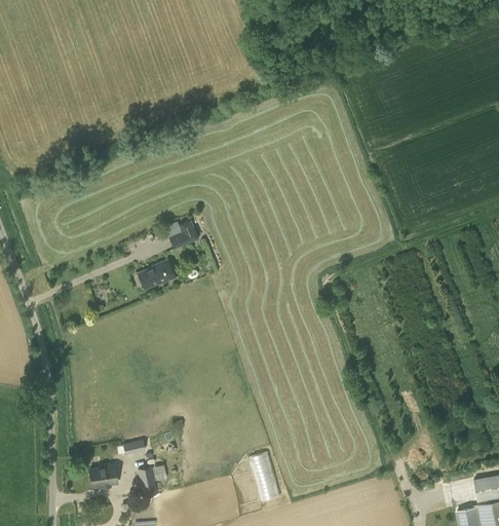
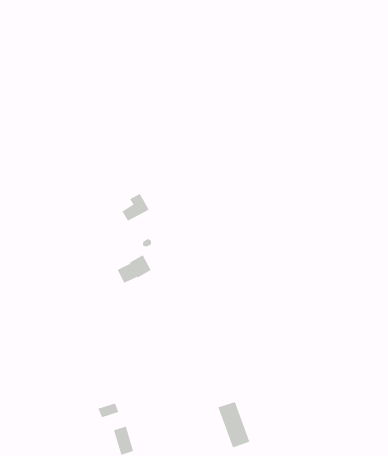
building: [139,259,176,288] -> [117,254,152,284]
building: [89,464,117,485] -> none

